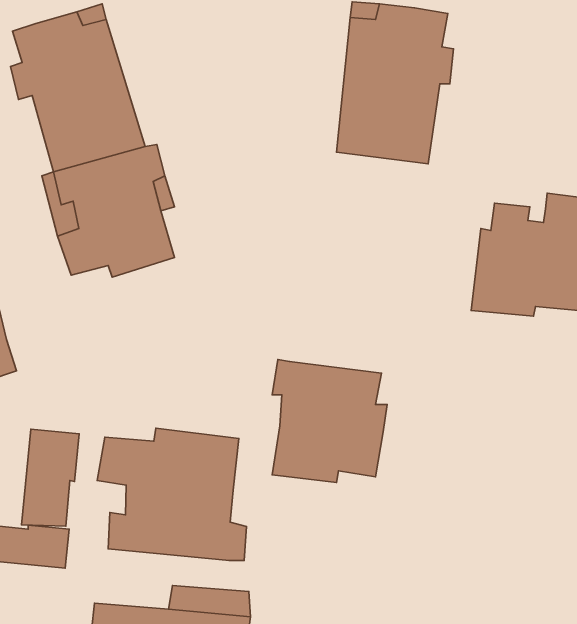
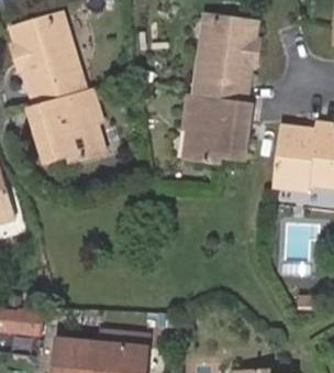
building: [272,360,387,483] -> [186,95,250,164]
building: [97,428,246,561] -> none
building: [22,429,79,526] -> none

